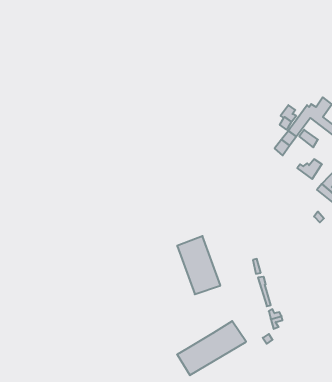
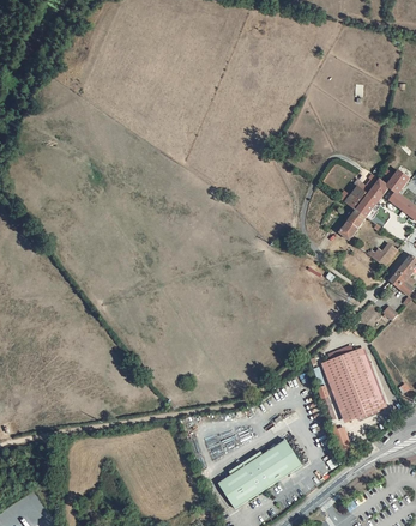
building: [177,236,220,294] -> [326,350,379,421]

